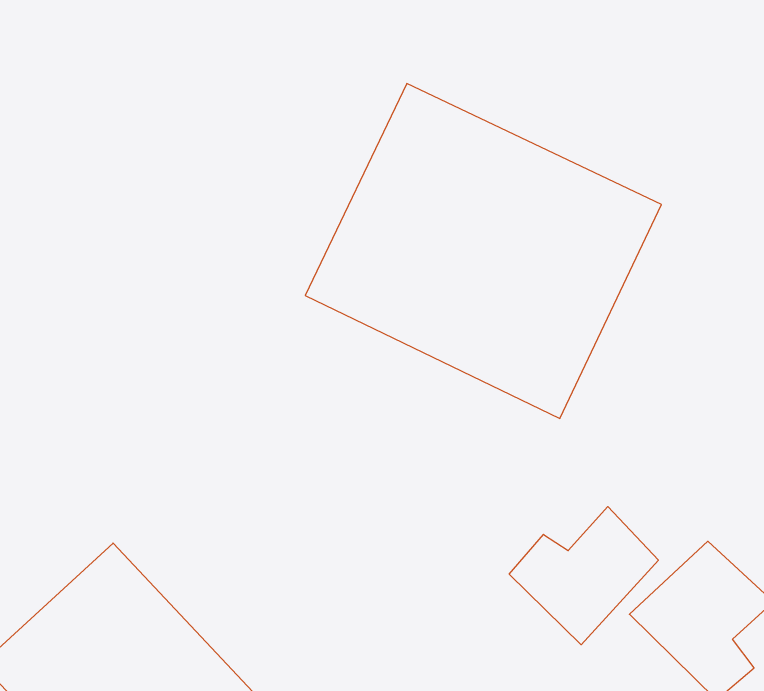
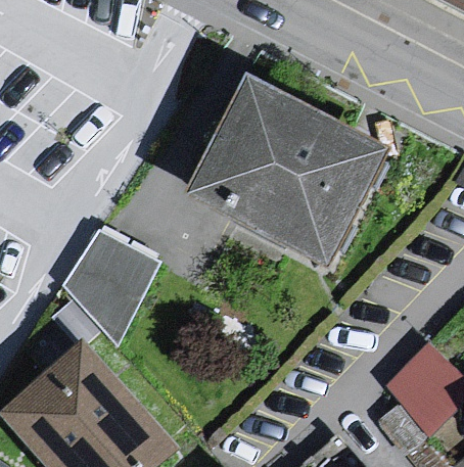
building: none -> [55,226,153,340]
building: [509,507,658,645] -> none

